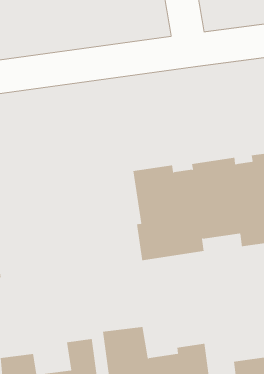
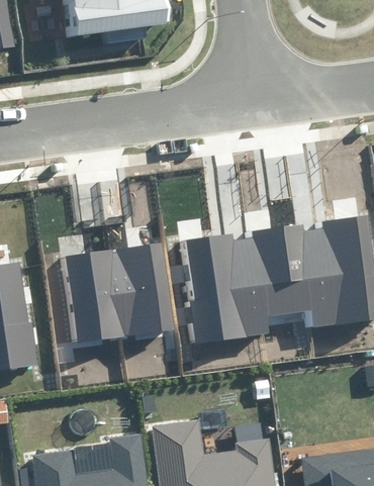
building: none -> [66,245,172,343]

